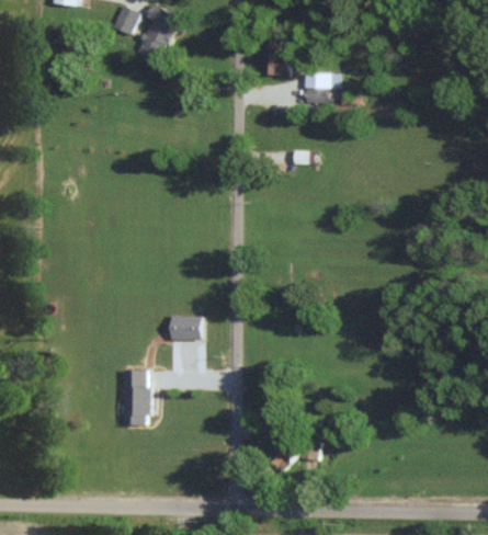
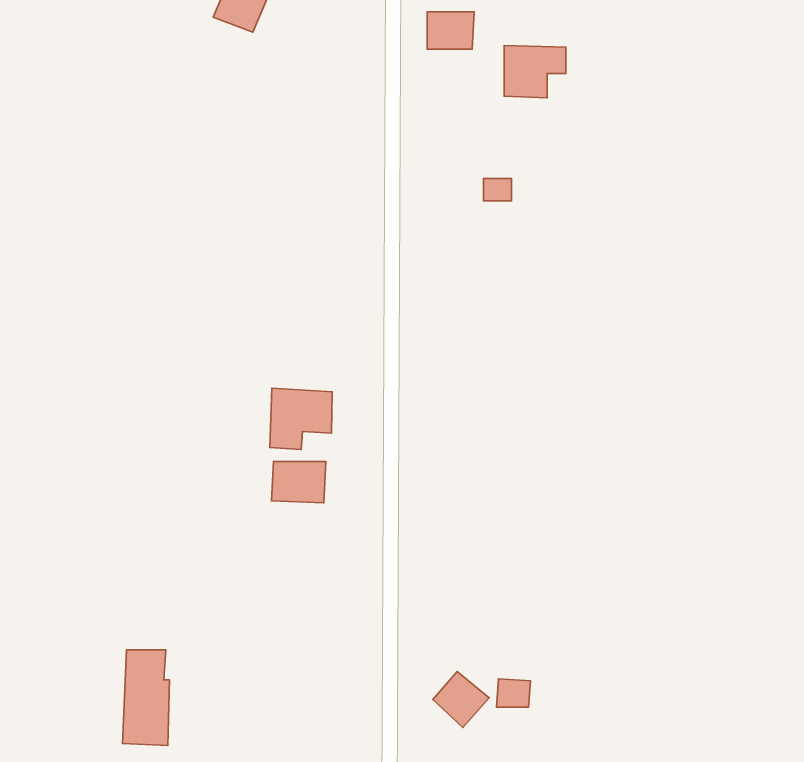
building: none -> [270,388,332,449]
building: [122,371,149,426] -> [123,650,170,745]

